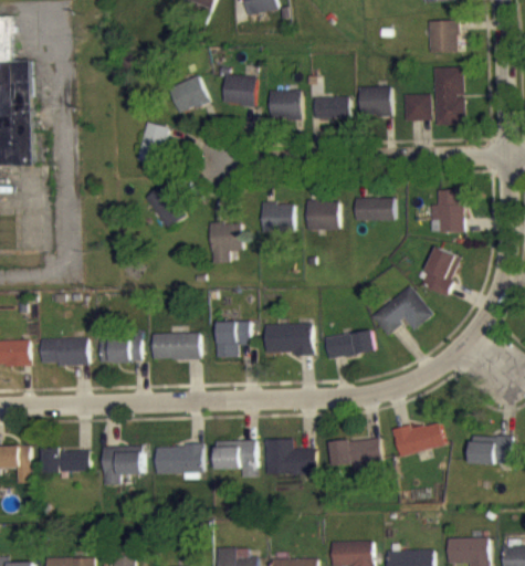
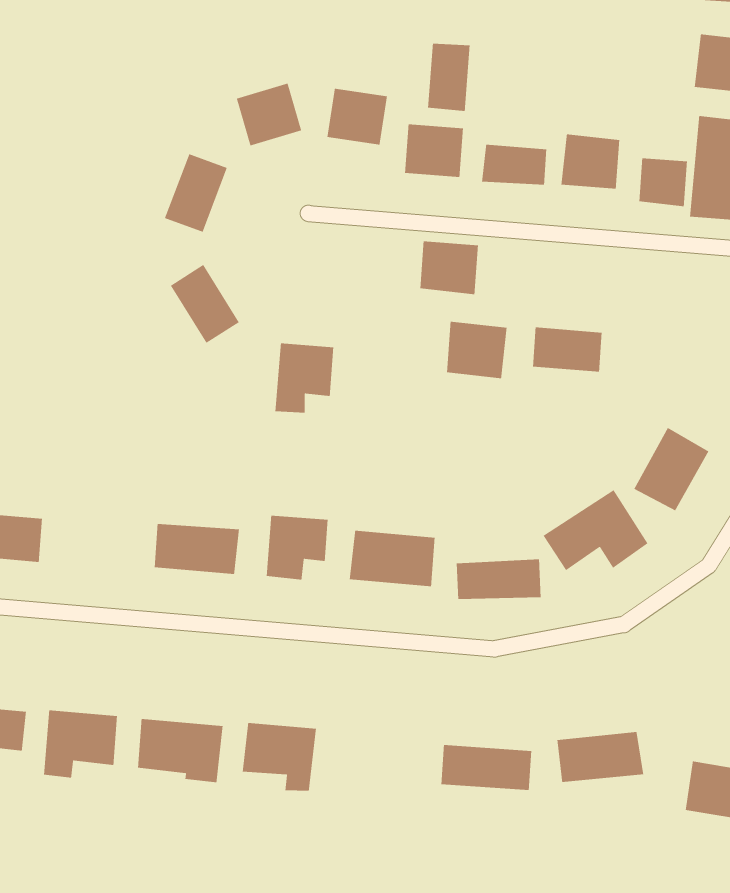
building: none -> [427,43,471,112]
building: [429,189,462,232] -> none
building: [261,202,294,231] -> [419,241,479,295]
building: [98,338,140,363] -> none
building: [264,439,316,475] -> none

